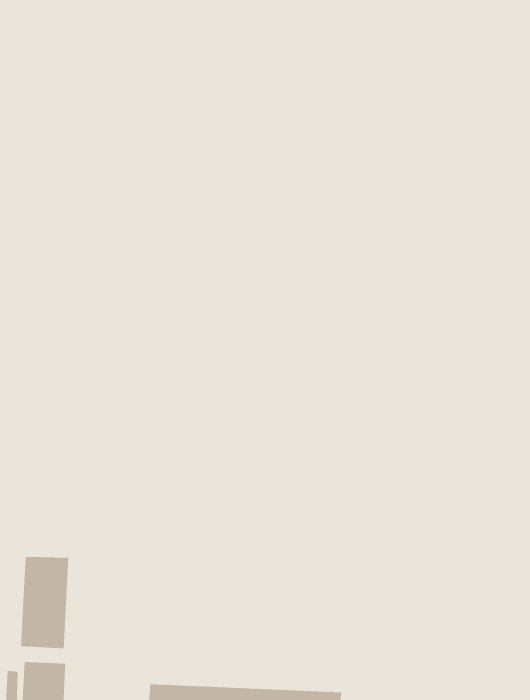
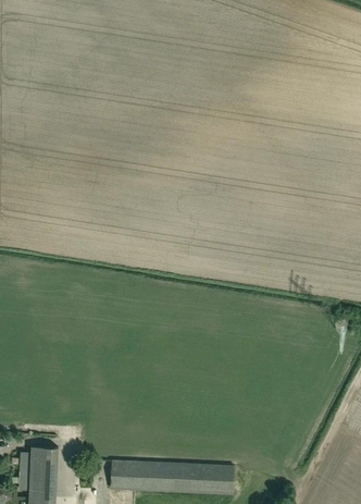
building: [21,556,69,649] -> none

